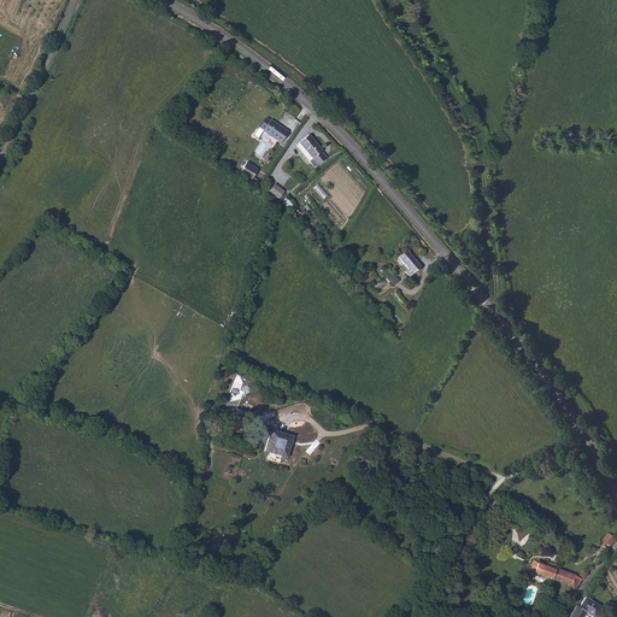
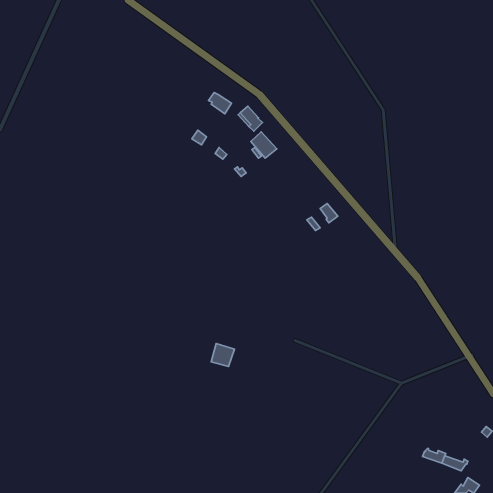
building: none -> [251,132,277,158]

